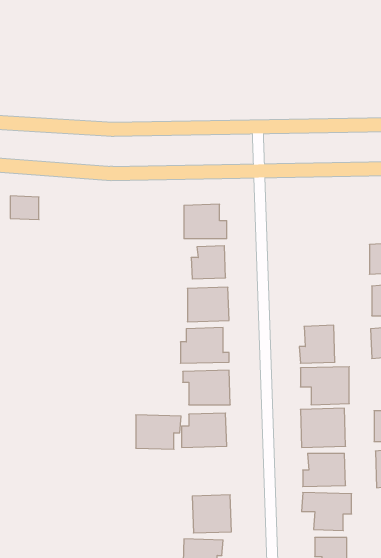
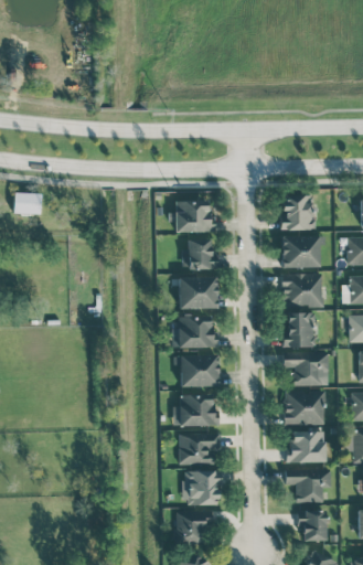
building: none -> [282,195,313,231]
building: none -> [281,236,320,268]
building: none -> [282,274,323,309]
building: [136,415,181,449] -> [179,434,221,466]

